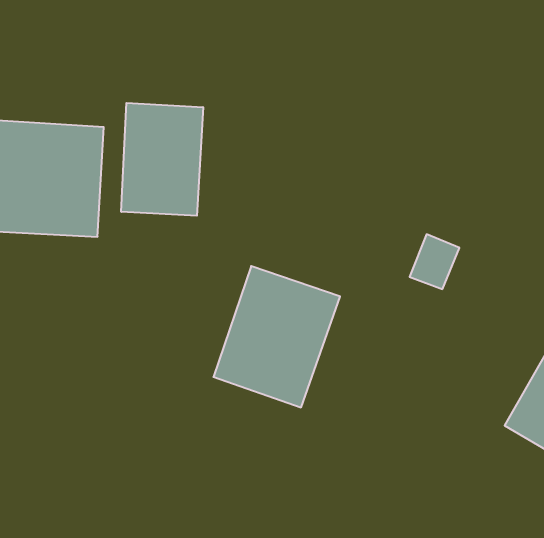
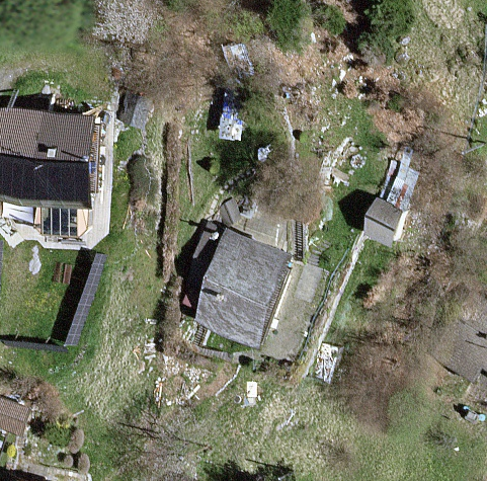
building: [121,103,203,216] -> none

